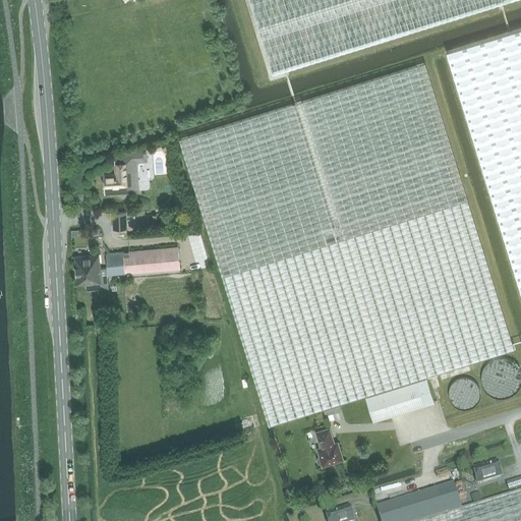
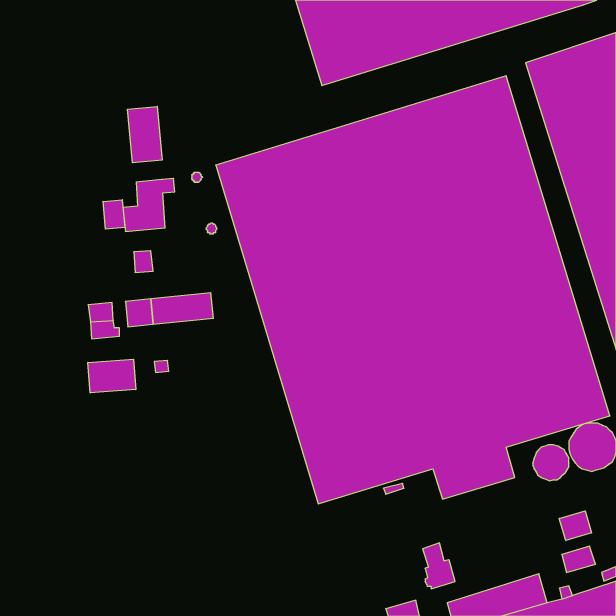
building: none -> [128,106,162,163]
building: none -> [103,200,125,229]
building: none -> [88,359,136,393]
building: [315,429,343,468] -> [423,543,455,589]
building: none -> [559,511,592,540]

